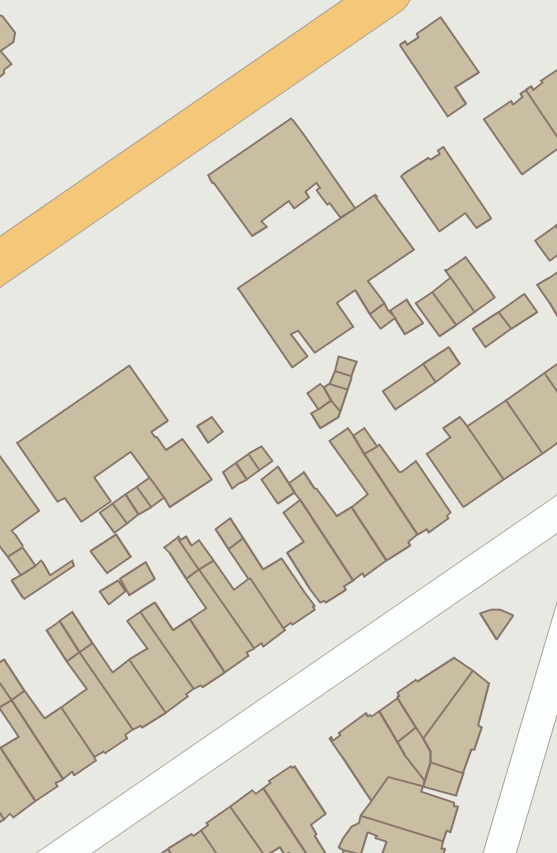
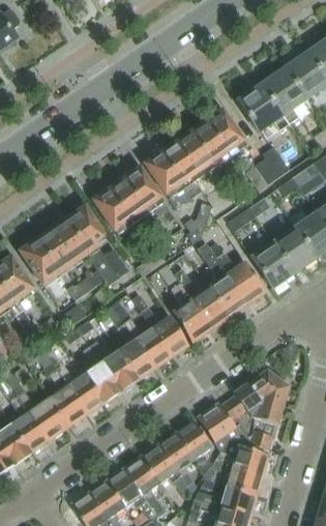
building: [400,17,479,117] -> [261,68,305,124]
building: [208,118,355,236] -> [93,168,176,234]
building: none -> [177,420,213,474]

